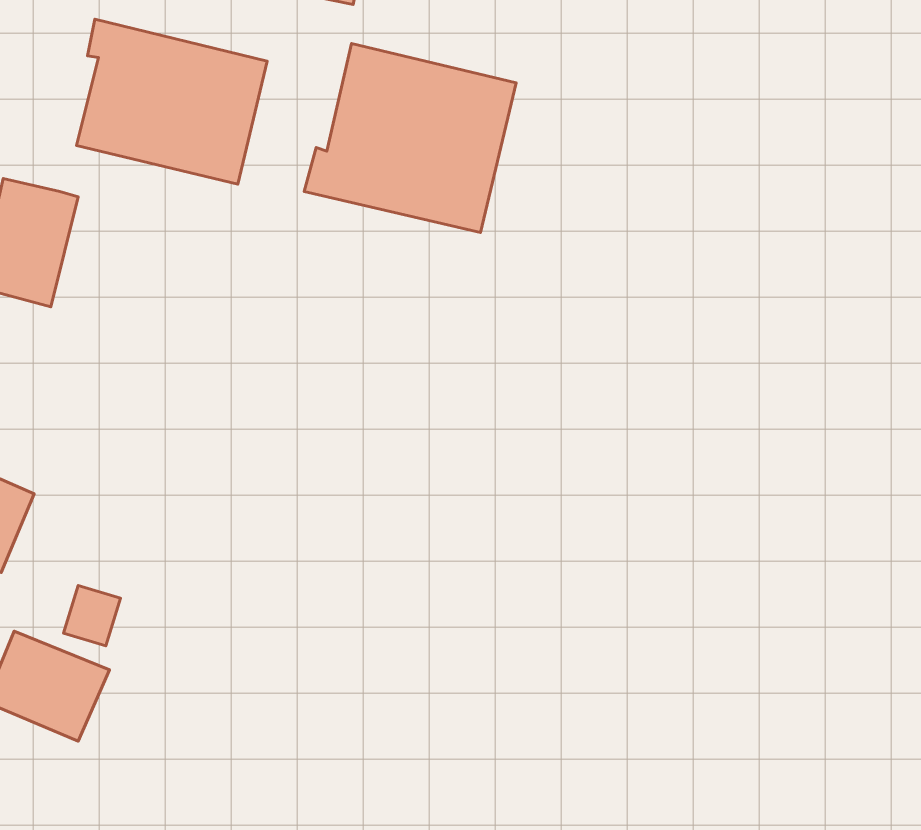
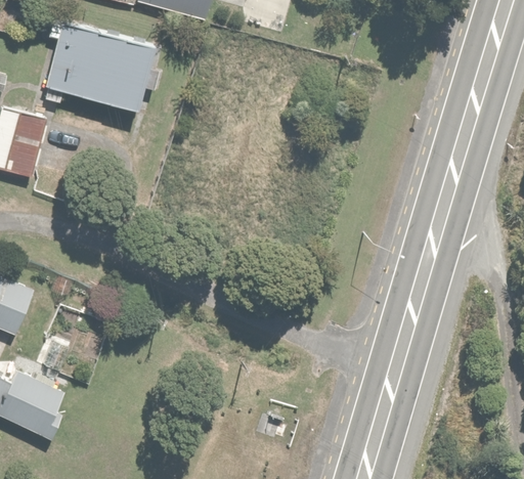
building: [304,44,516,232] -> none

